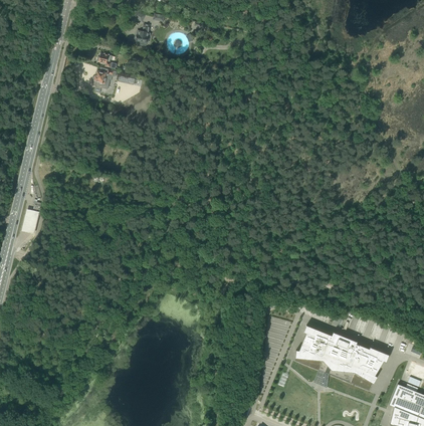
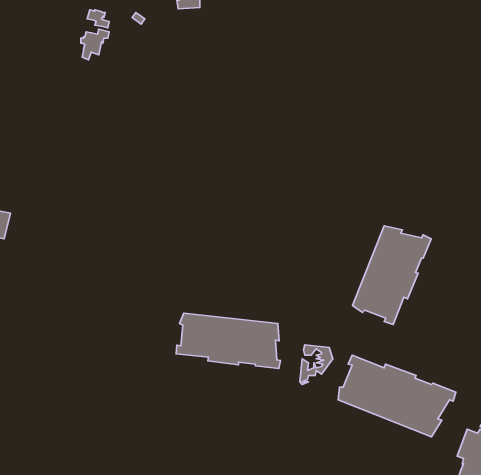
building: none -> [353,226,431,325]
building: none -> [176,313,281,368]

